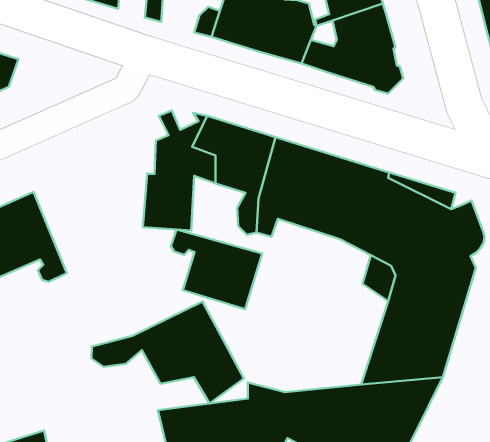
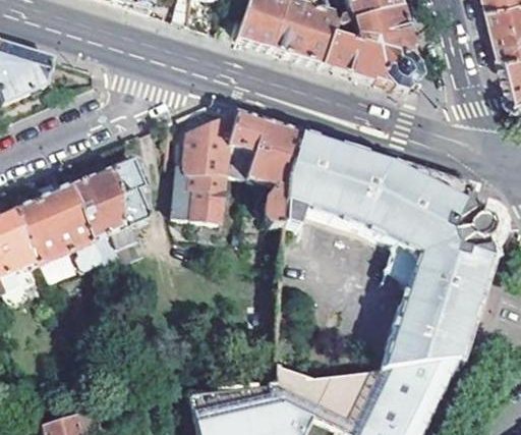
building: none -> [70,156,152,263]
building: [171,229,262,309] -> none
building: [91,301,244,404] -> none

